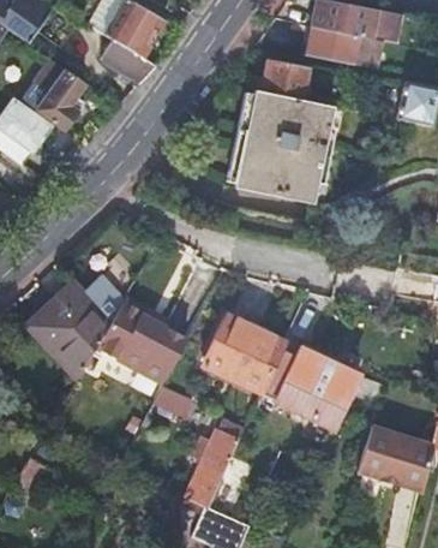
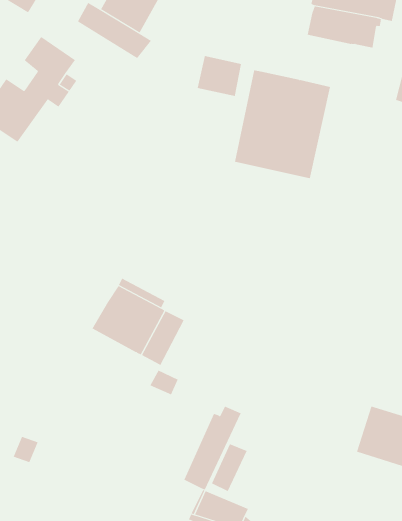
building: [262,60,306,101] -> [197,56,242,97]
building: [26,282,109,380] -> none
building: [200,316,283,395] -> none
building: [275,350,359,428] -> none

